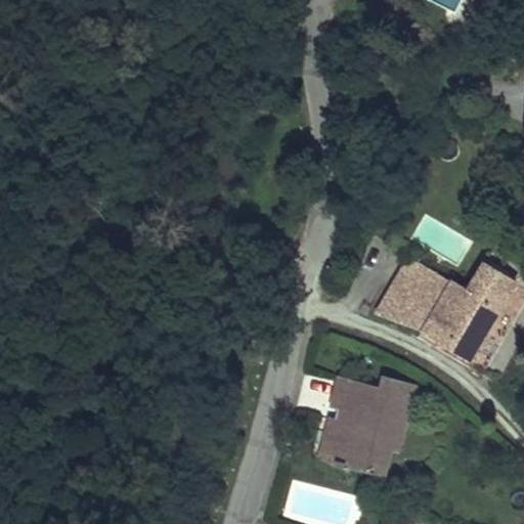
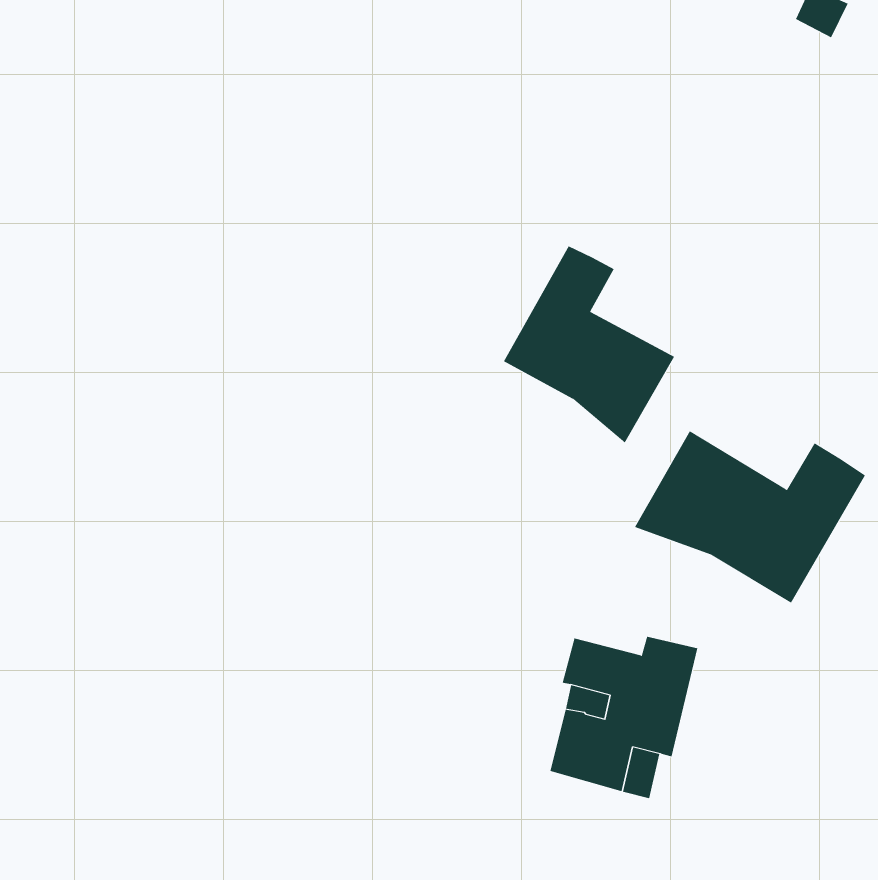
building: none -> [503,245,675,444]

